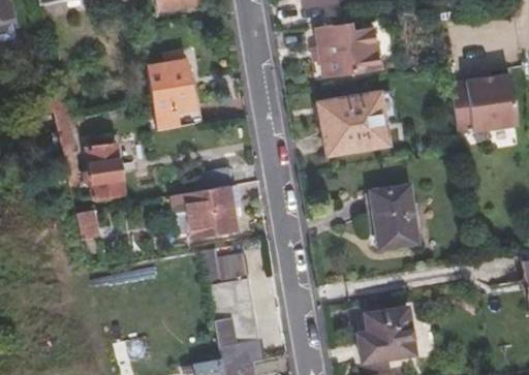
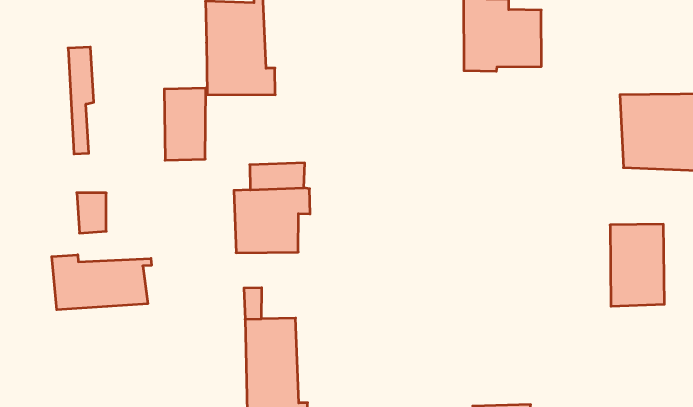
building: [328,96,395,156] -> none
building: [86,138,122,193] -> [164,88,206,160]
building: [369,189,415,252] -> [610,224,664,306]
building: none -> [52,255,151,310]

